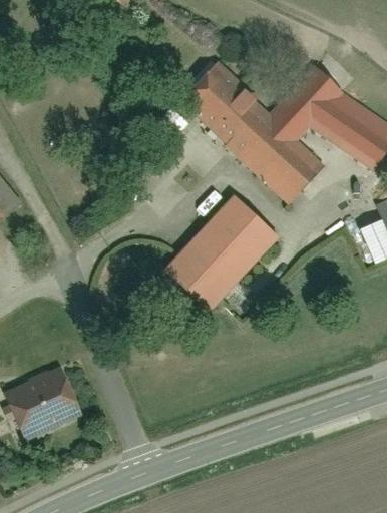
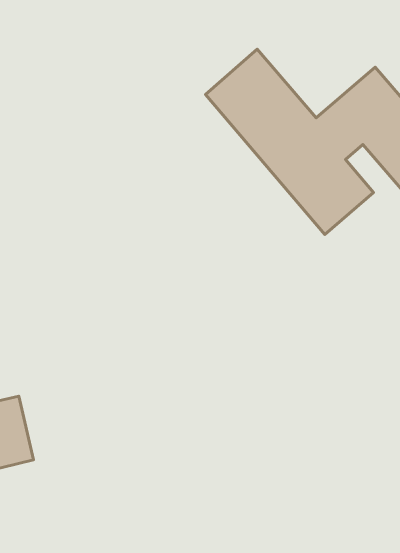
building: [166,194,278,309] -> none

